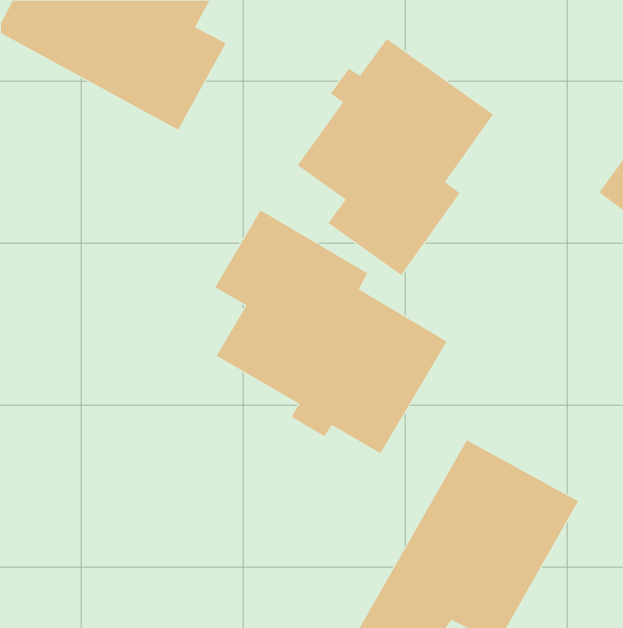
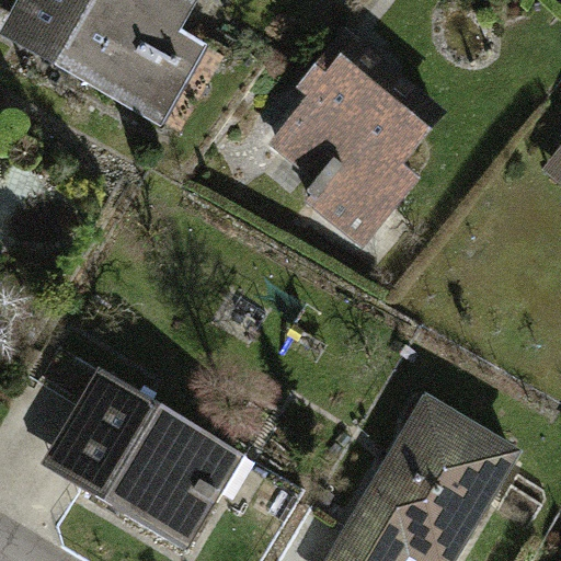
building: [215,209,447,454] -> none
building: none -> [41,367,244,549]

